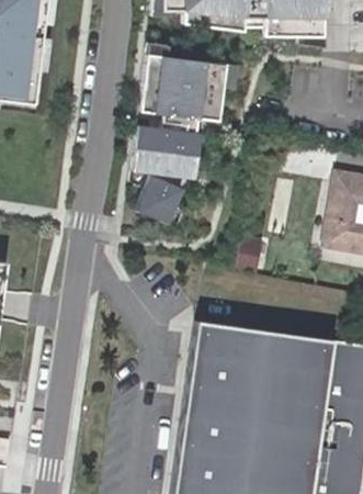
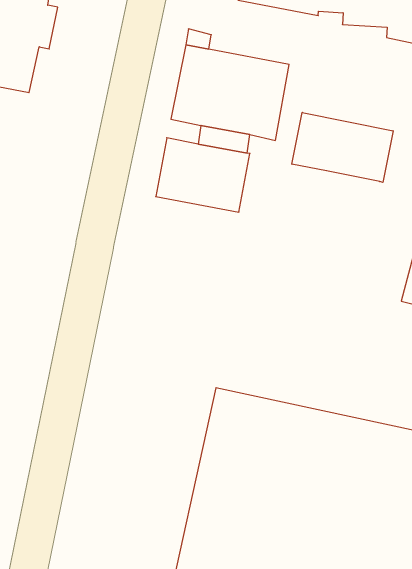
building: none -> [292,112,393,182]
building: [132,180,181,229] -> none

